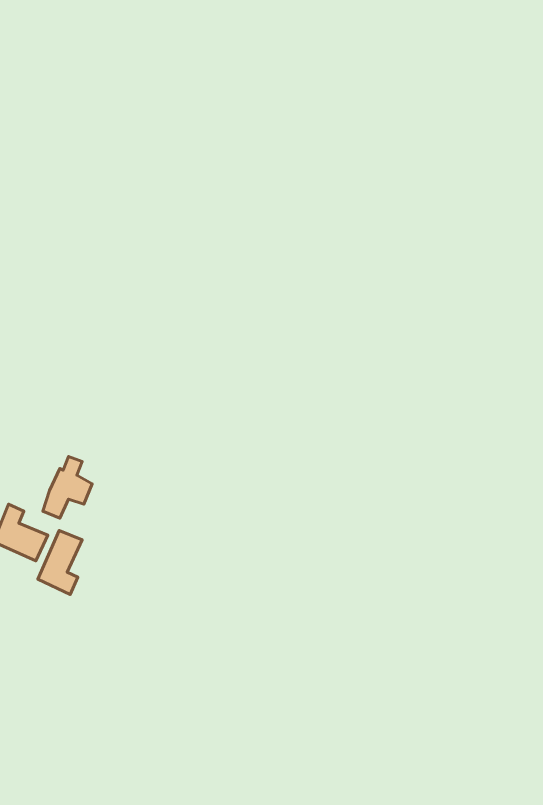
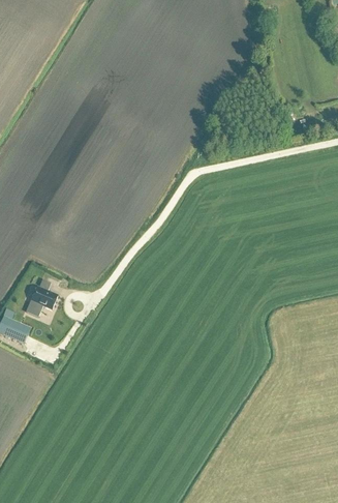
building: [38,530,82,595] -> none

